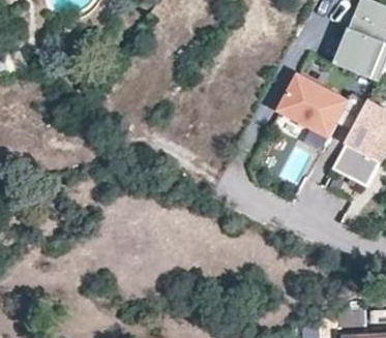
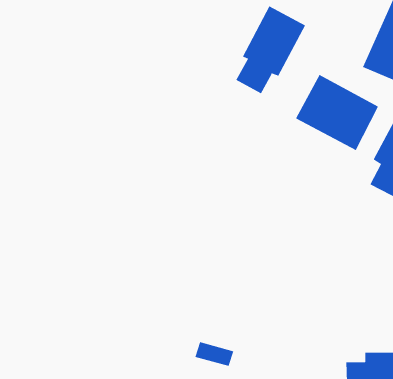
building: none -> [236,6,306,94]

